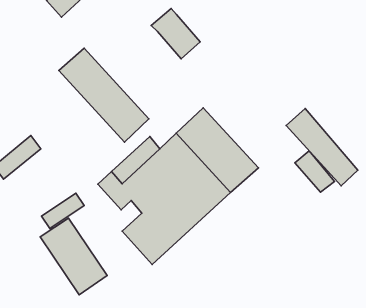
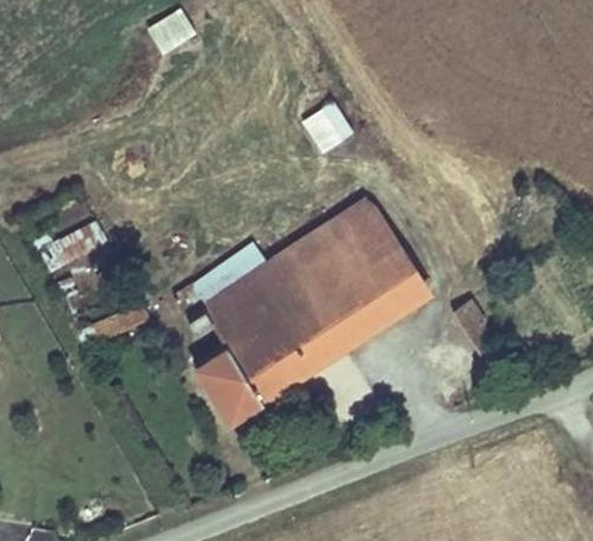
building: [59,48,149,142] -> none
building: [286,109,358,186] -> [339,199,427,313]
building: [40,218,107,295] -> none

